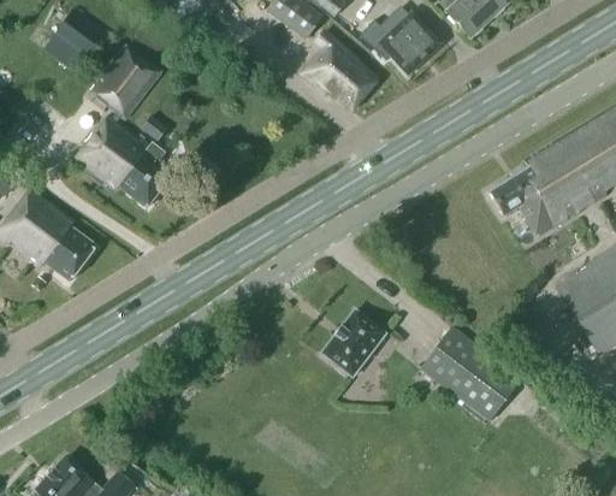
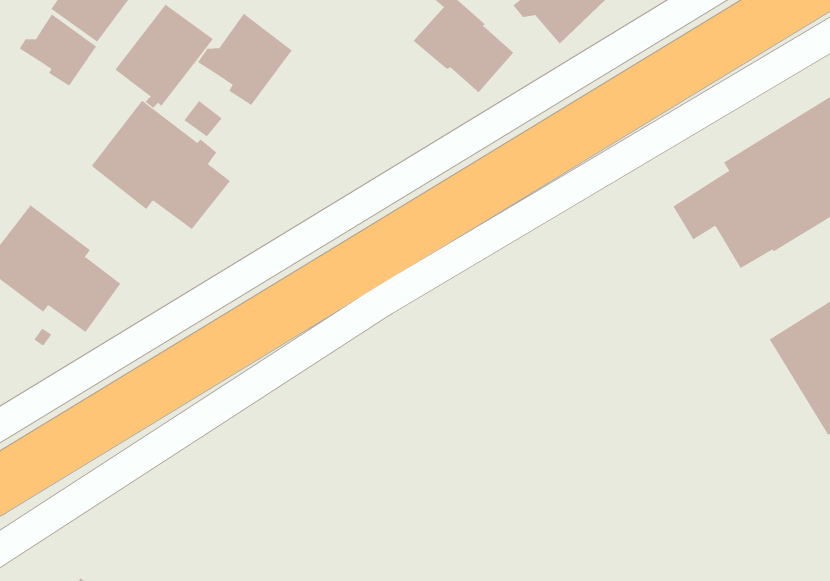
building: none -> [197,13,292,106]
building: none -> [19,14,97,87]
building: [321,309,385,376] -> none
building: [419,325,521,420] -> none

